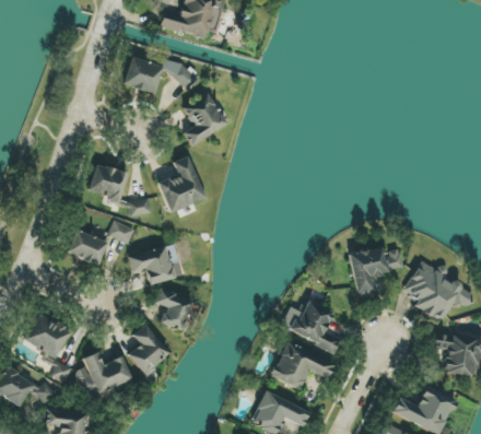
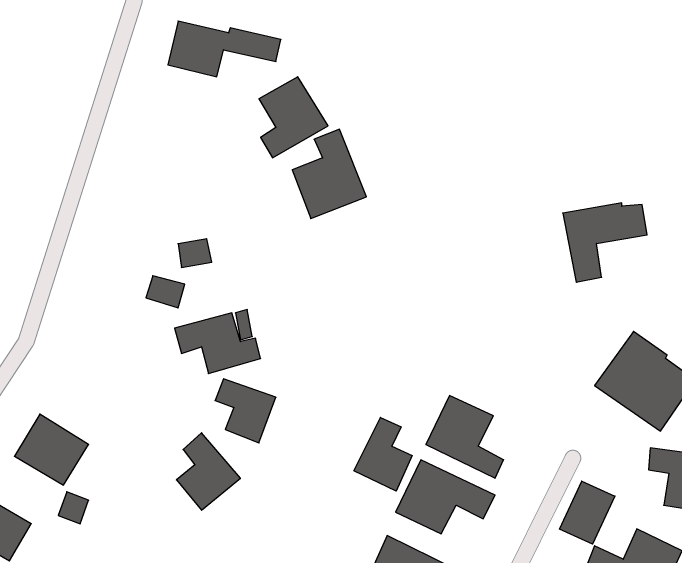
building: [157,155,206,213] -> [292,129,366,219]
building: [87,164,128,200] -> none
building: [67,230,107,266] -> none
building: [349,248,403,300] -> [563,203,647,282]
building: none -> [354,417,412,491]
building: [75,352,132,398] -> none
building: none -> [559,481,615,544]

